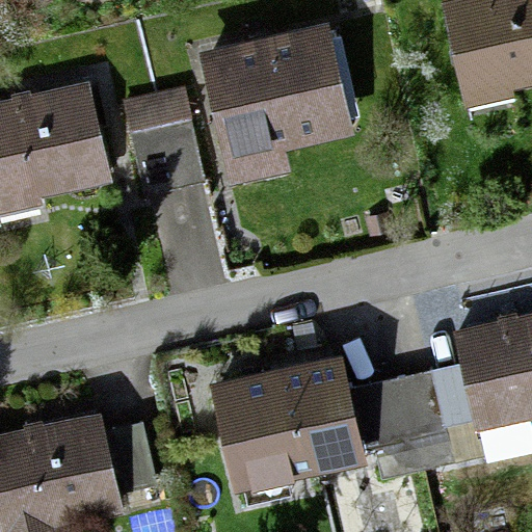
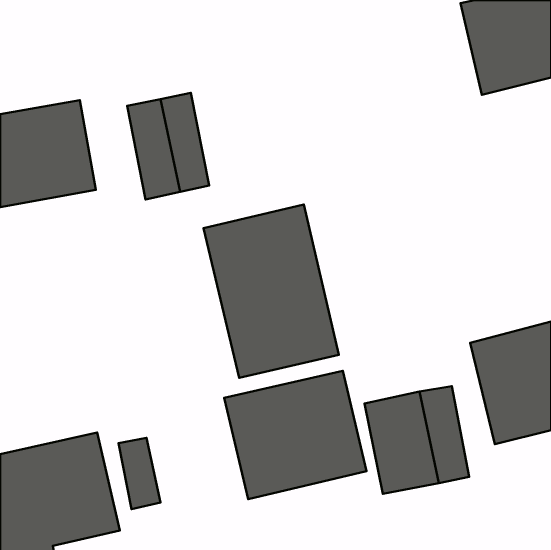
building: [209,29,345,145] -> none
building: none -> [203,205,339,378]

